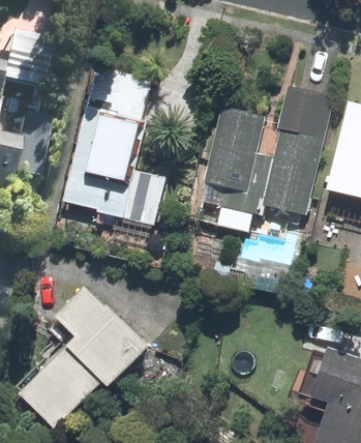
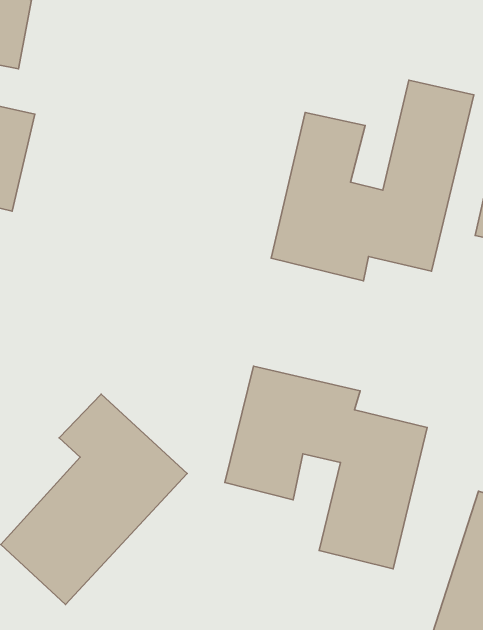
building: [67,66,164,222] -> none
building: none -> [225,366,427,569]

